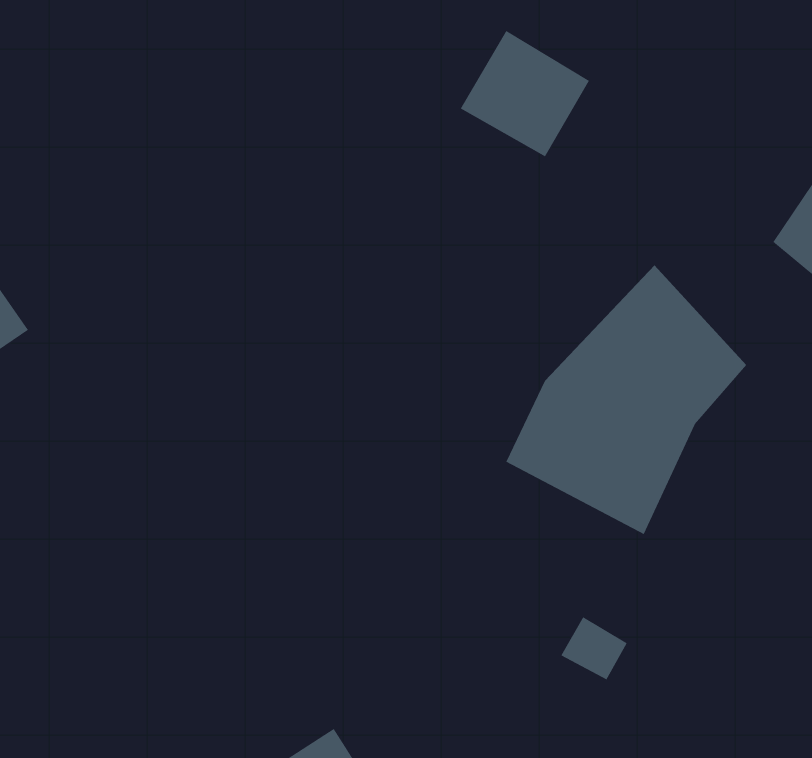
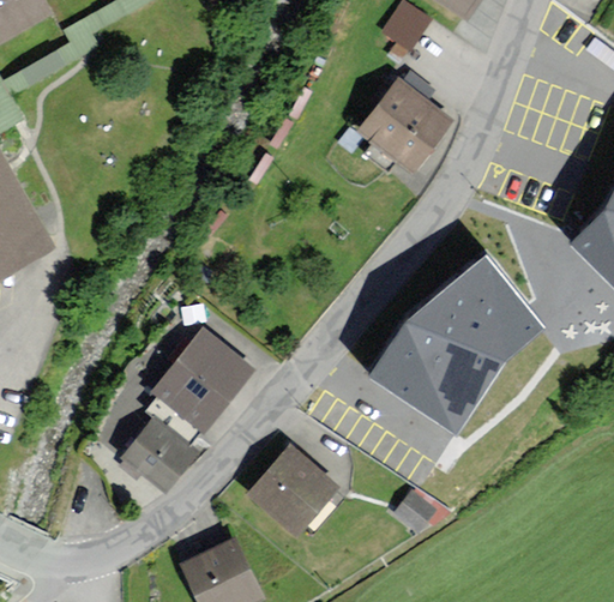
building: none -> [150,333,249,435]
building: none -> [120,413,200,490]
building: none -> [248,443,342,536]

